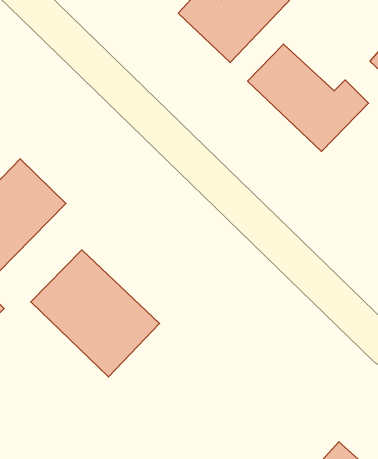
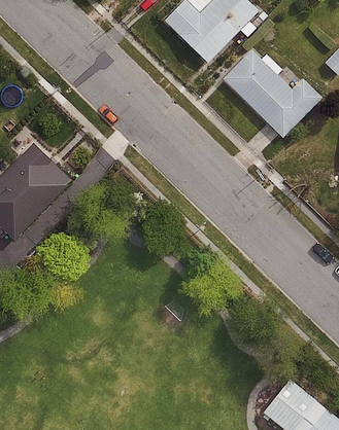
building: [31,250,160,377] -> none

